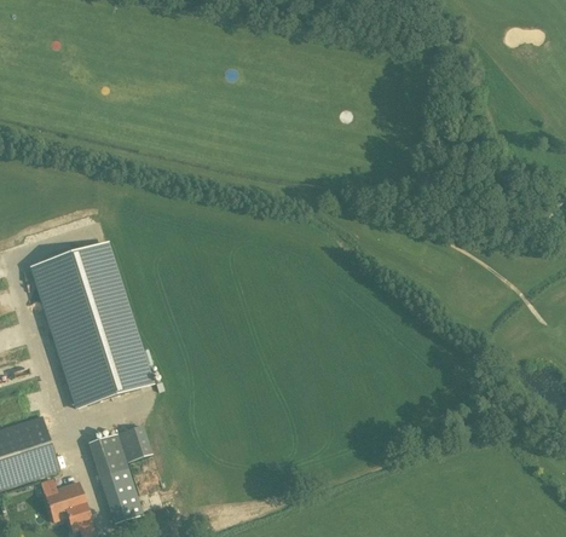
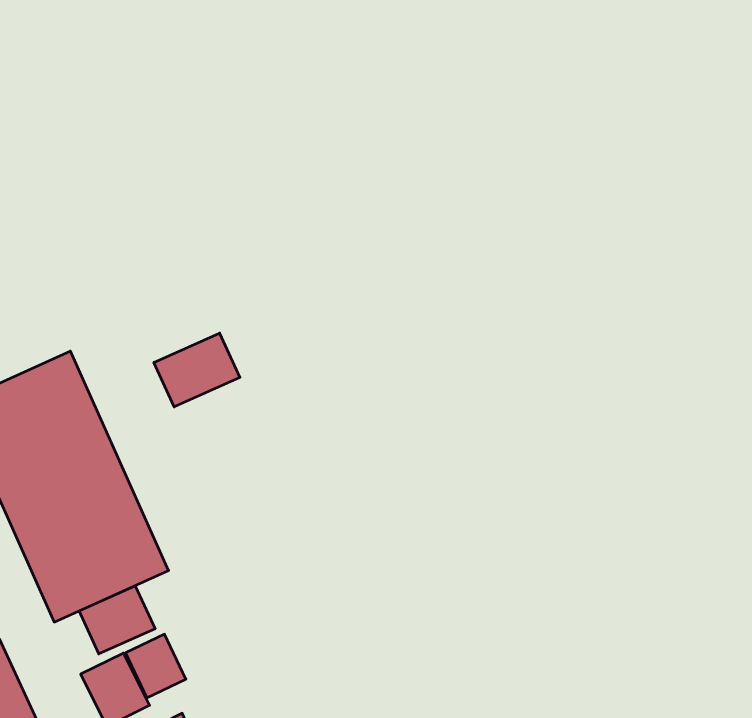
building: none -> [154,333,240,407]
building: none -> [79,586,155,654]

